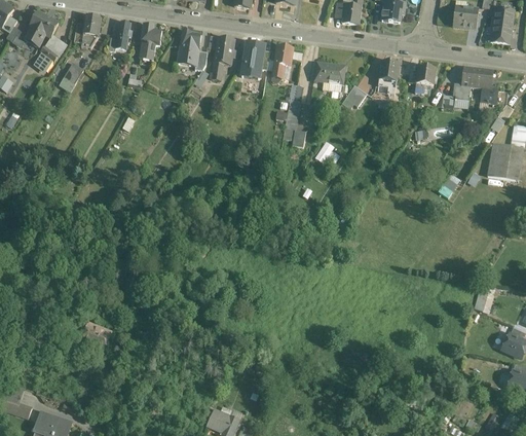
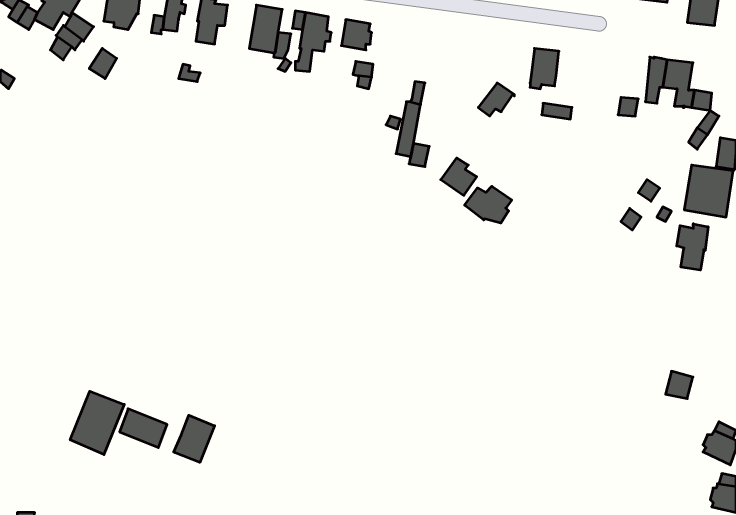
building: [271,45,293,77] -> none
building: [314,62,344,83] -> none
building: [415,66,436,95] -> none
building: none -> [465,186,512,223]
building: none -> [677,224,708,270]
building: none -> [70,391,124,455]
building: none -> [174,415,215,462]

